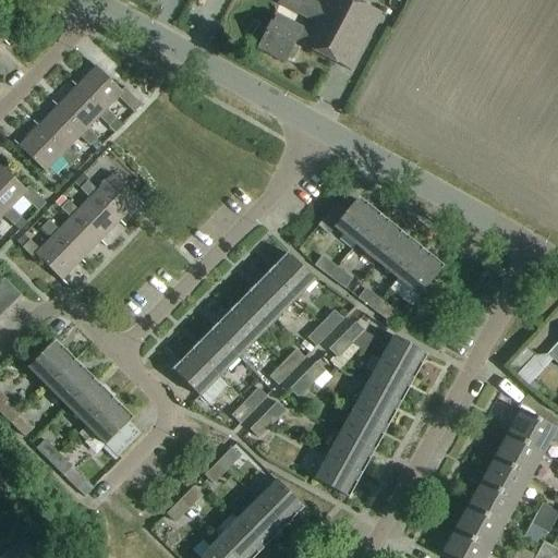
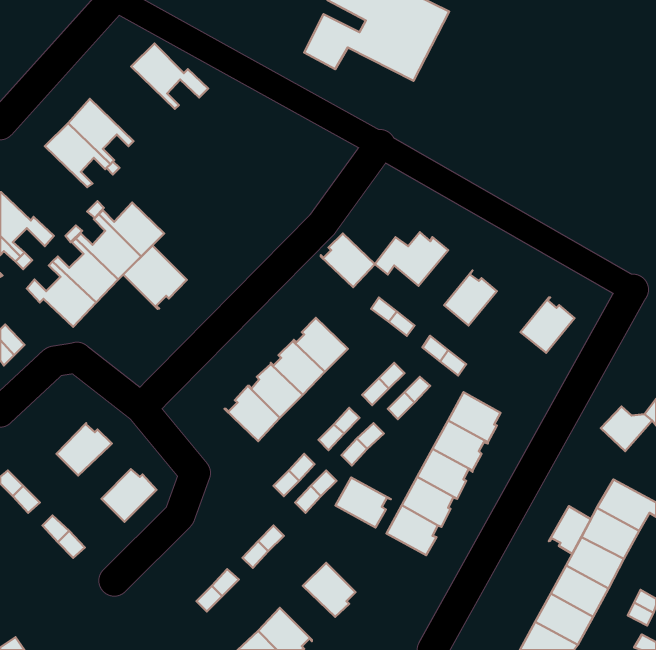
building: [76,64,142,120] -> [131,44,208,109]
building: [19,124,74,170] -> none
building: none -> [123,245,187,309]
building: [355,213,401,259] -> none
building: [398,247,444,294] -> [521,298,575,353]
building: [268,251,314,296] -> [321,233,375,287]
building: [28,341,75,386] -> none
building: [174,348,219,395] -> none
building: [66,379,113,424] -> none
building: none -> [549,506,591,554]
building: [315,453,362,496] -> [336,477,391,527]
building: [238,498,284,544] -> none

